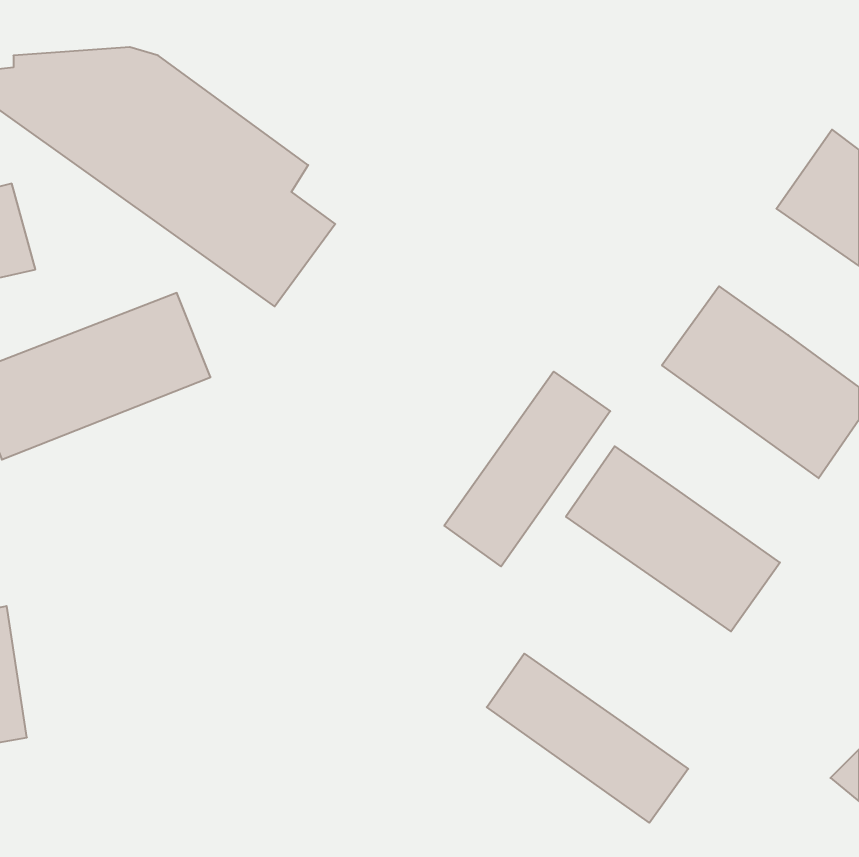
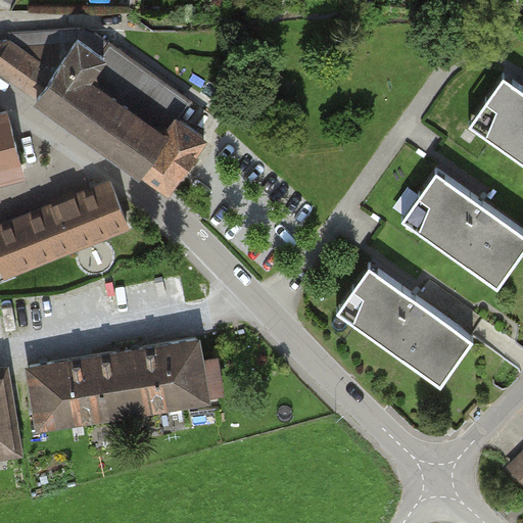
building: [444,372,610,566] -> none
building: none -> [26,340,208,432]
building: [487,654,688,823] -> none

